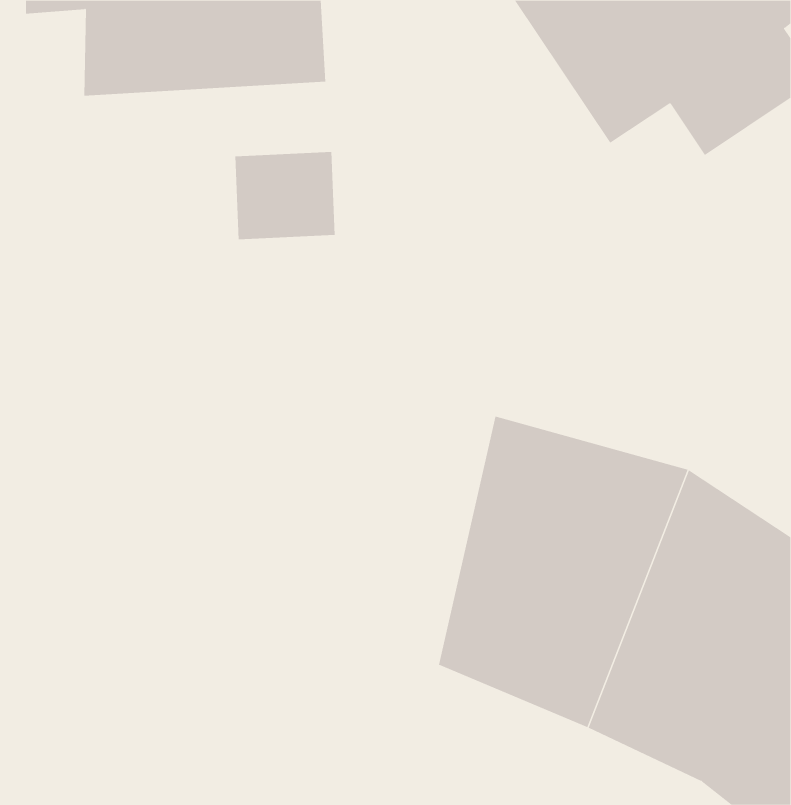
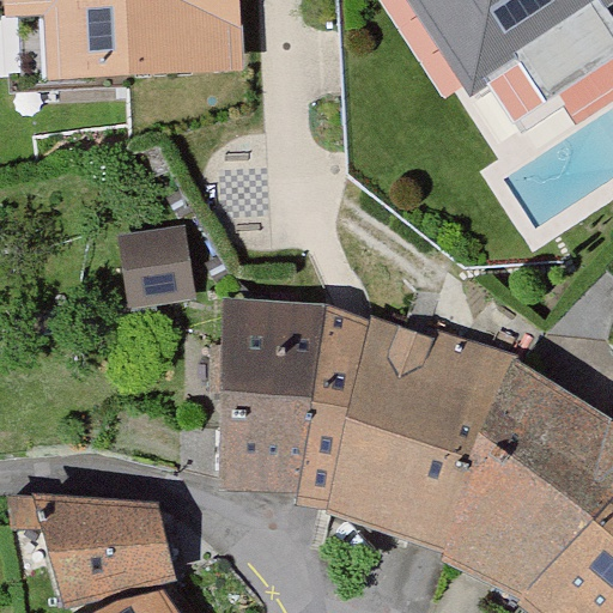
building: [235,152,335,240] -> [120,237,196,304]
building: none -> [229,295,376,505]
building: none -> [37,505,163,595]

